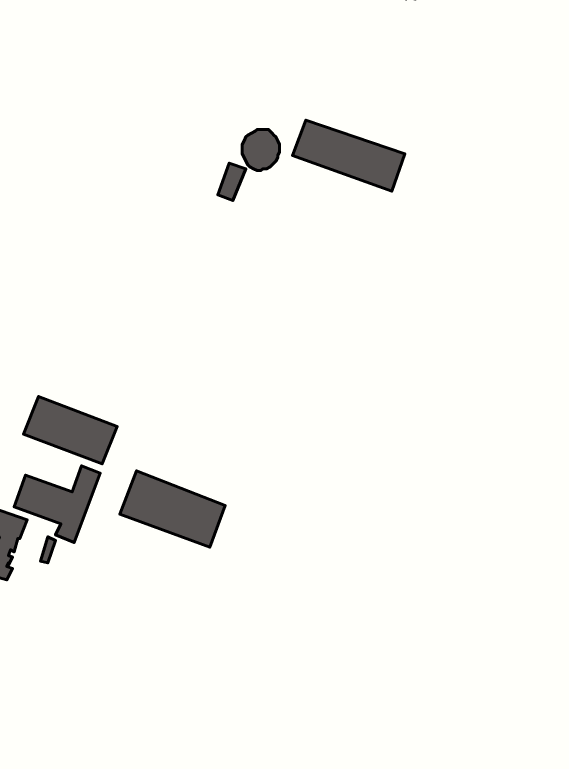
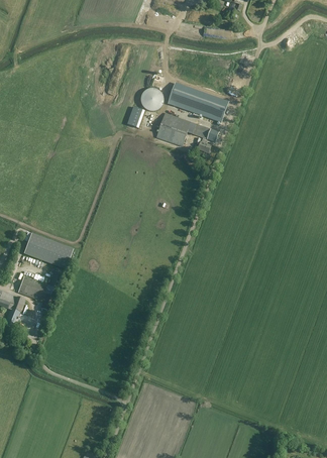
building: none -> [156,112,218,152]
building: [120,471,225,547] -> none

